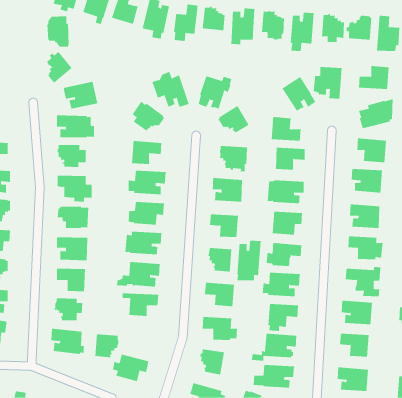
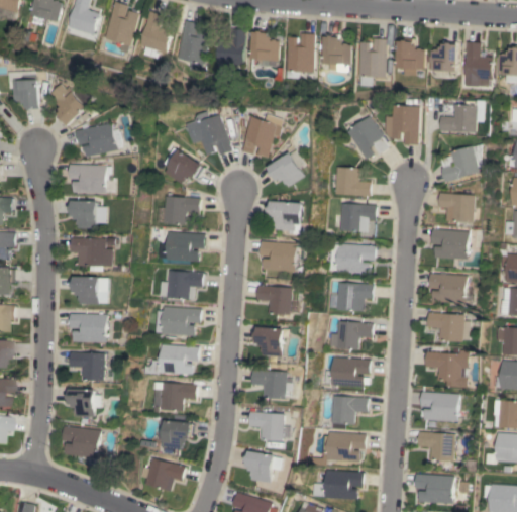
building: [47,16,70,49] -> [13,70,41,110]
building: [237,240,261,281] -> none
building: [95,334,119,358] -> [161,420,191,449]

